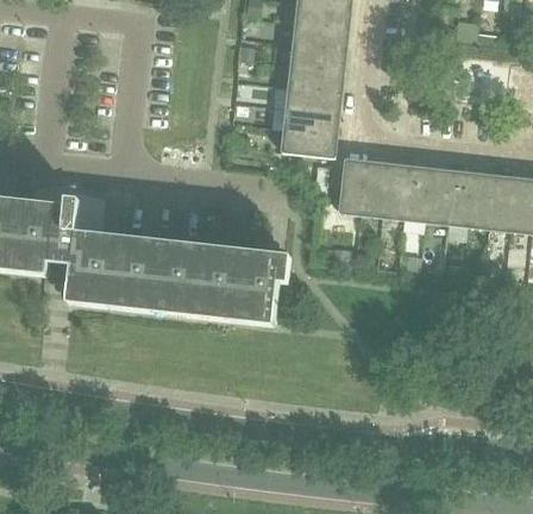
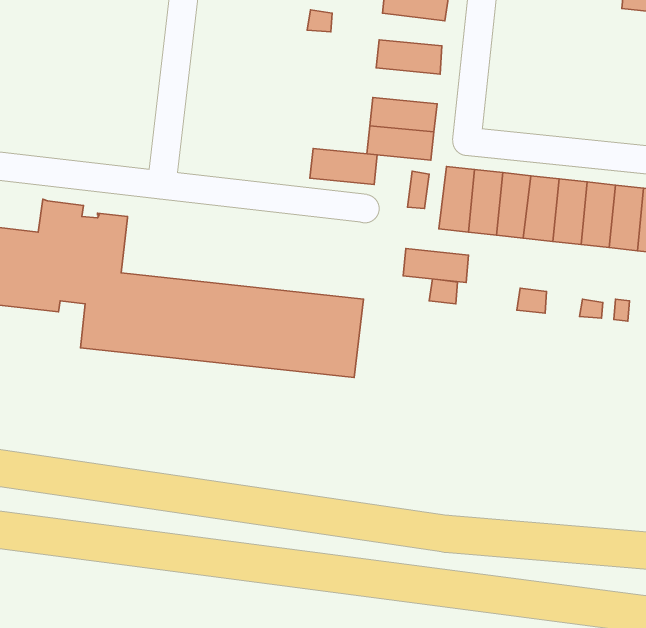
building: [293,44,343,69] -> none
building: [288,86,339,113] -> [310,149,377,185]
building: none -> [403,249,469,282]

